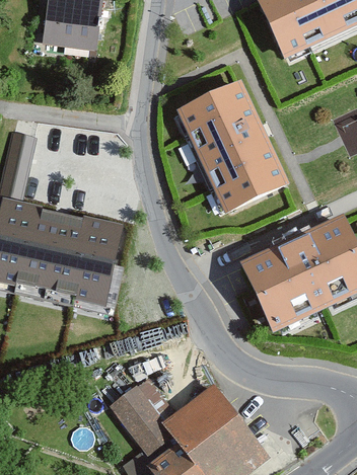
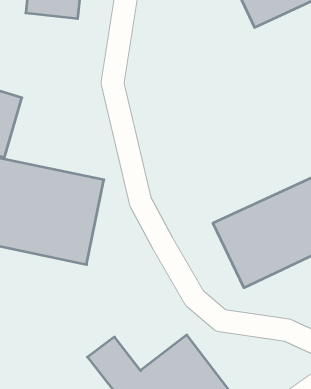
building: [176,81,288,213] -> none

